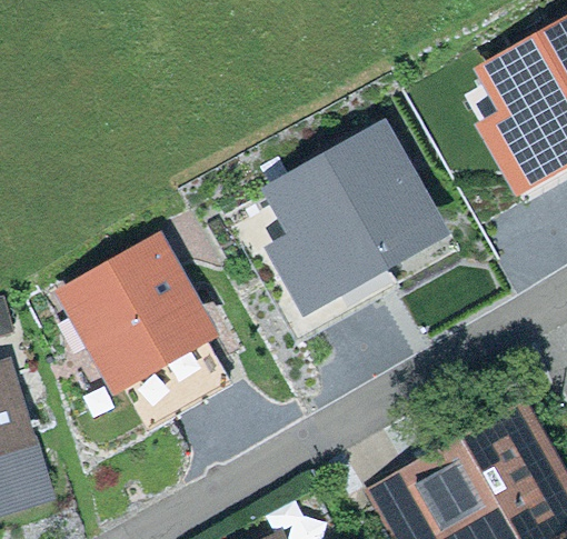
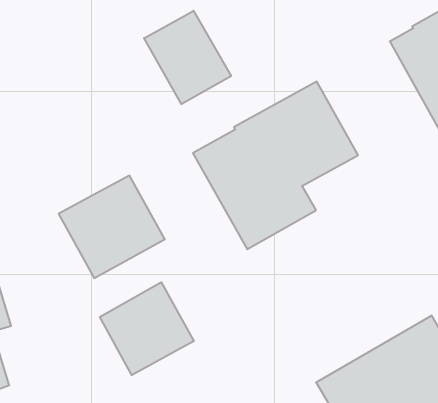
building: none -> [144,11,231,104]
building: none -> [100,282,194,375]

